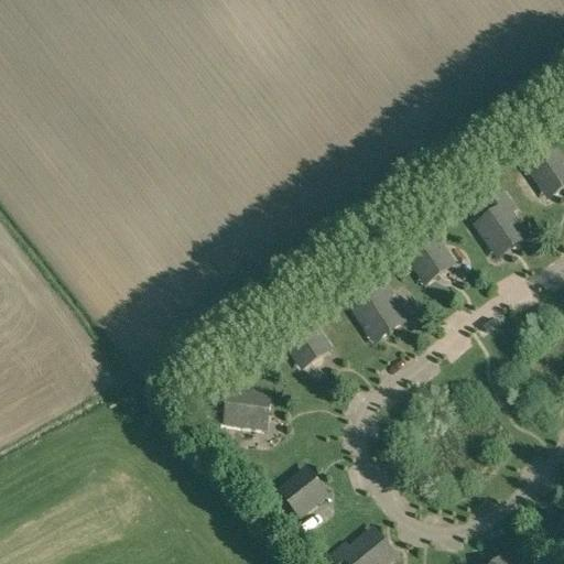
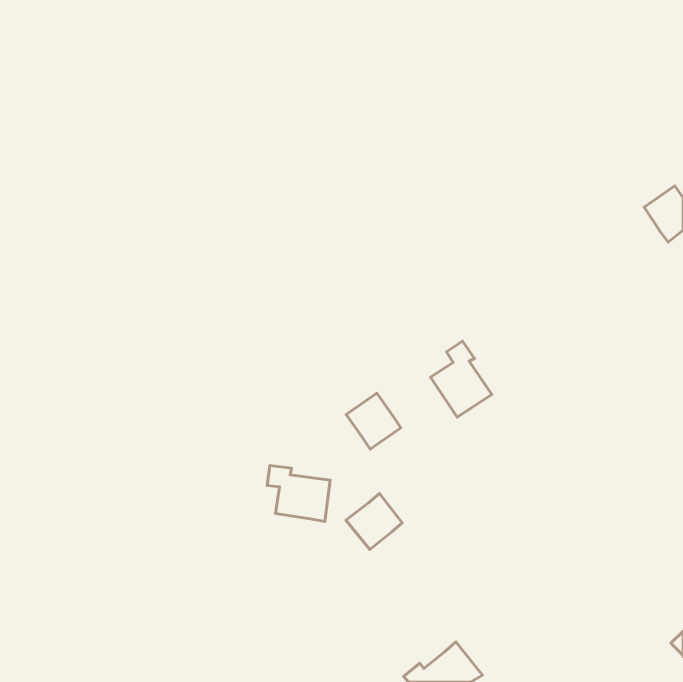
building: [477,195,528,259] -> none
building: [408,238,454,285] -> none
building: [281,469,327,516] -> [346,493,402,550]

